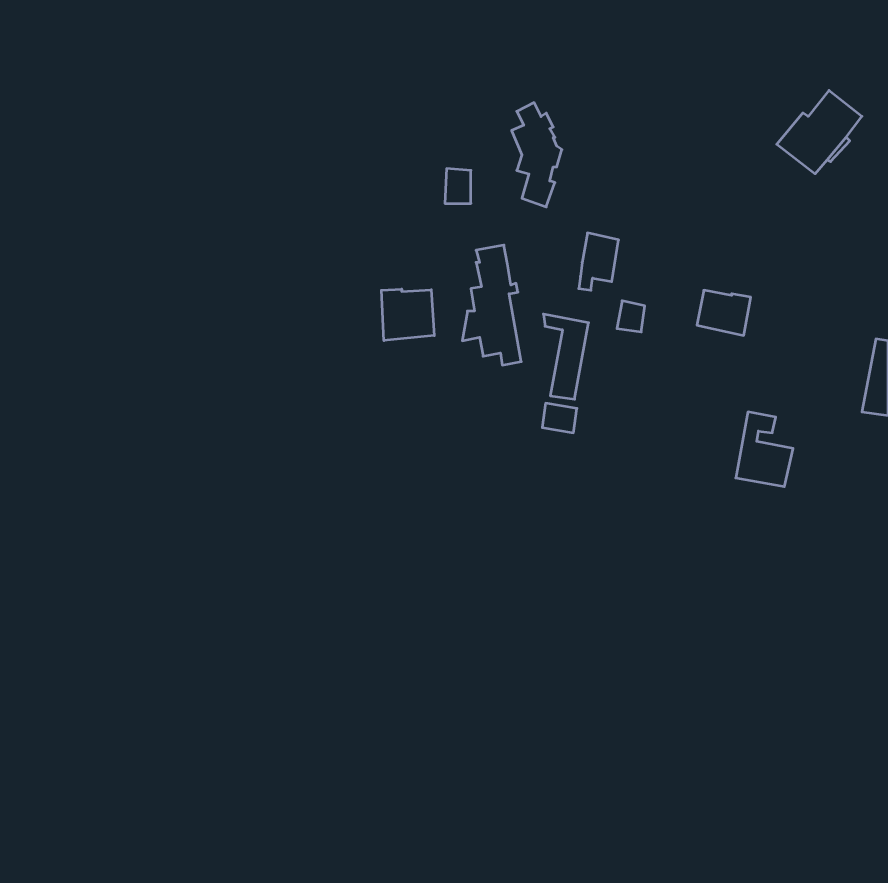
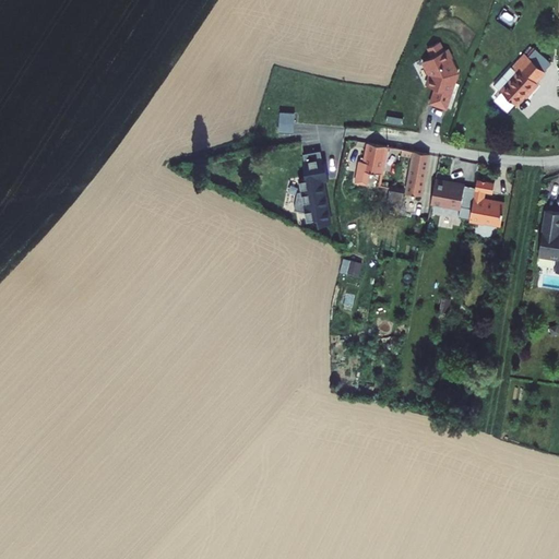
building: [512,103,562,207] -> [420,46,452,111]
building: [381,289,434,341] -> none
building: [543,314,589,399] -> [403,148,431,202]
building: [736,412,793,487] -> [474,182,510,229]

